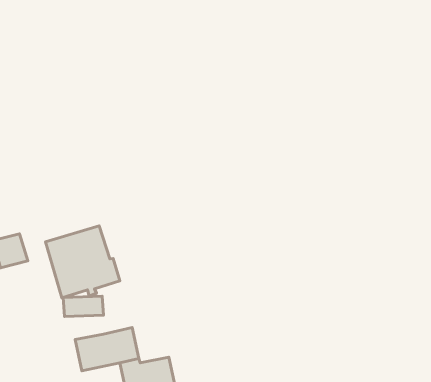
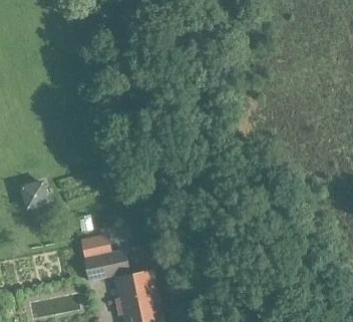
building: [45,226,120,298] -> none

